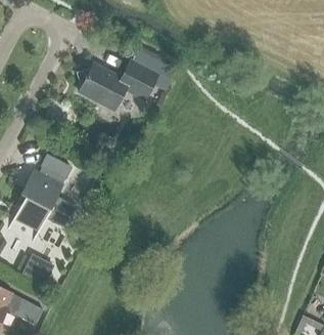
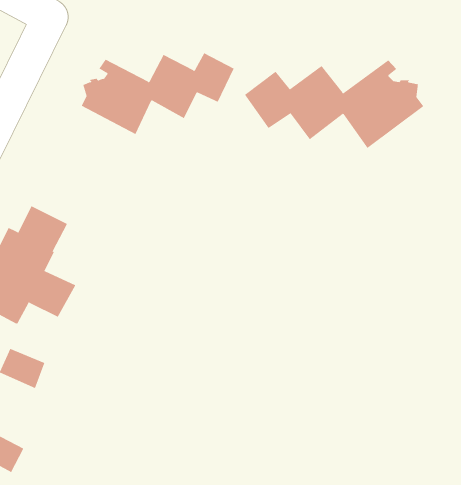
building: none -> [244,60,424,149]

